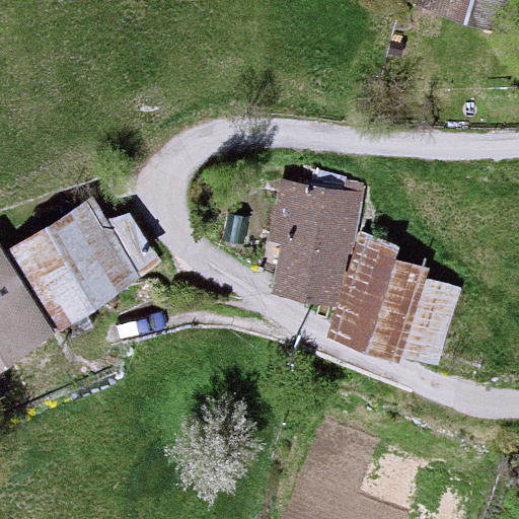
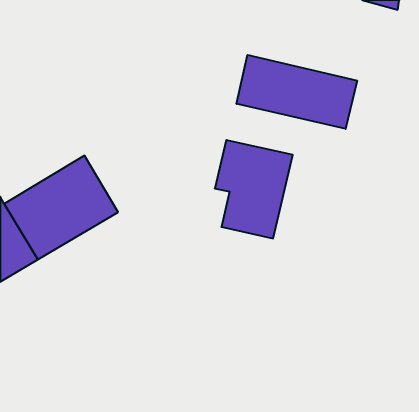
building: none -> [237,55,357,129]
building: [337,242,456,365] -> none

